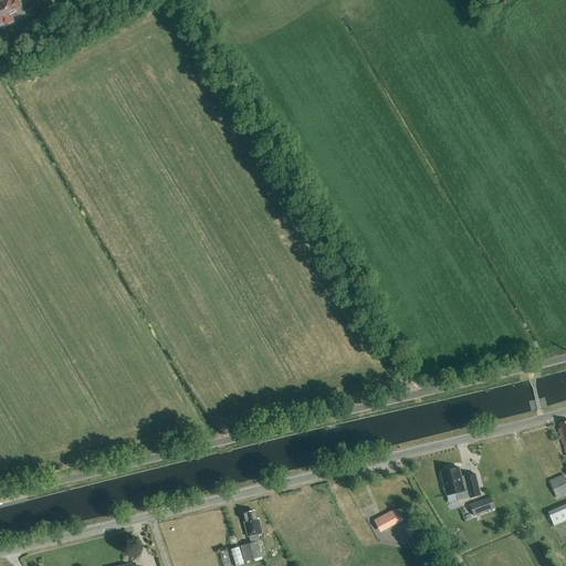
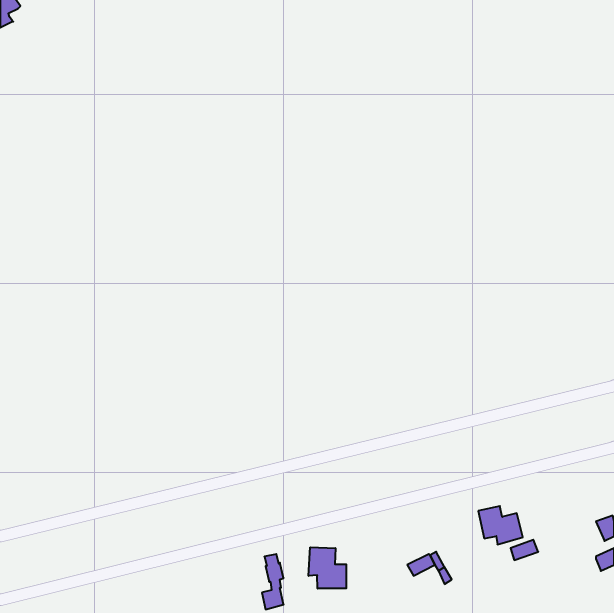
building: none -> [309,547,346,589]

